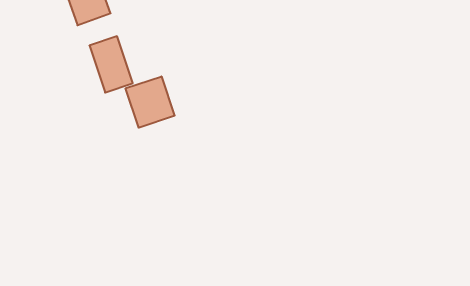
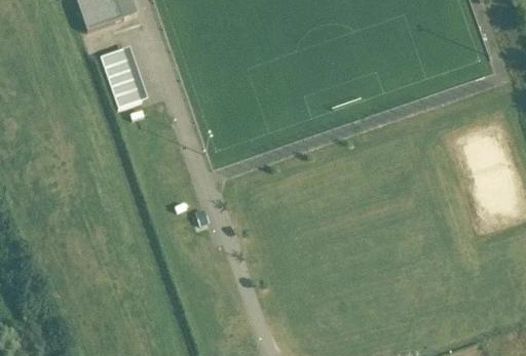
building: [126,76,175,128] -> none

